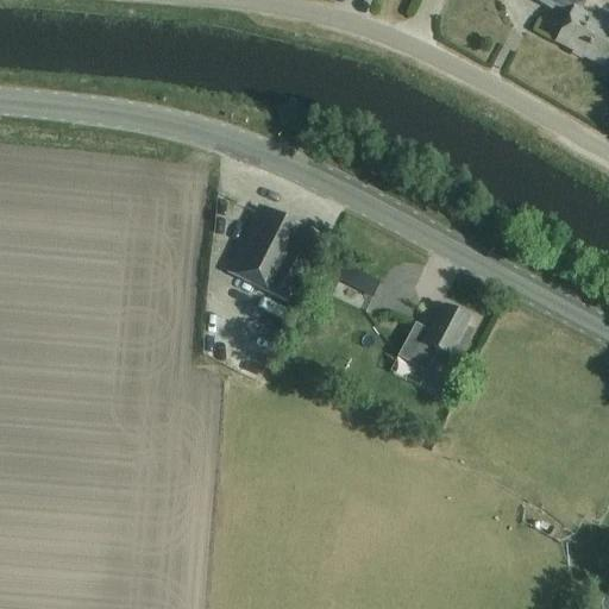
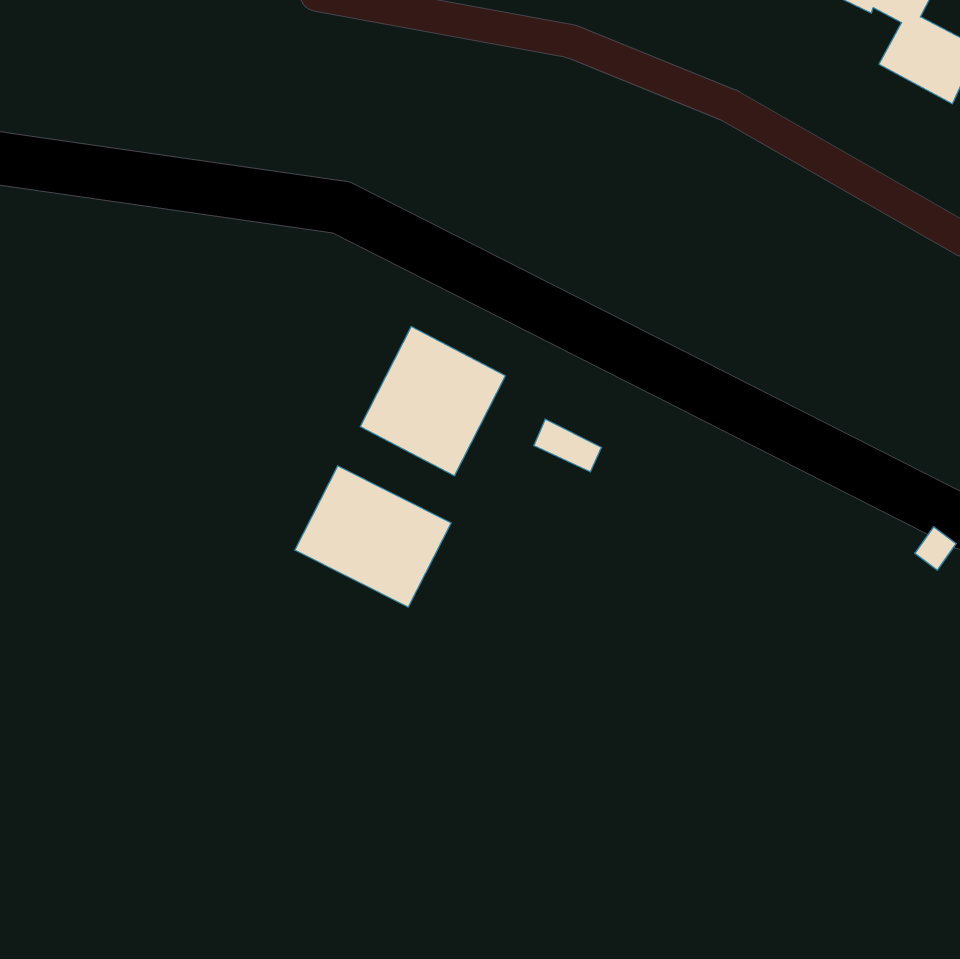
building: none -> [295,466,451,607]
building: [402,304,471,370] -> none

